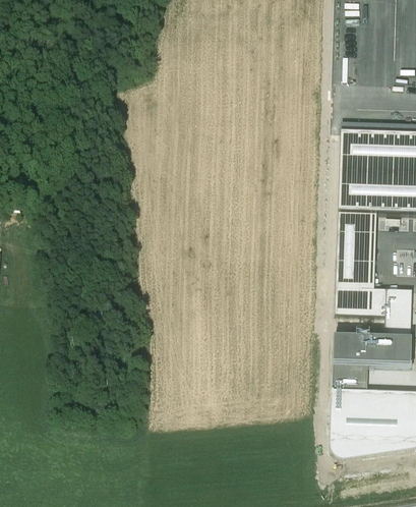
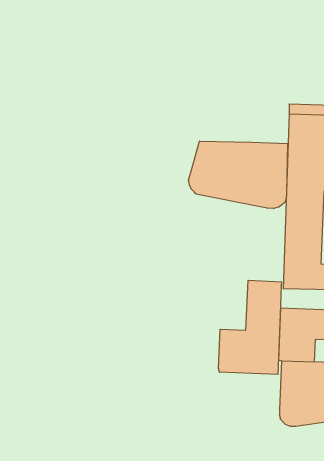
building: none -> [189,141,288,209]
building: none -> [219,280,281,374]

